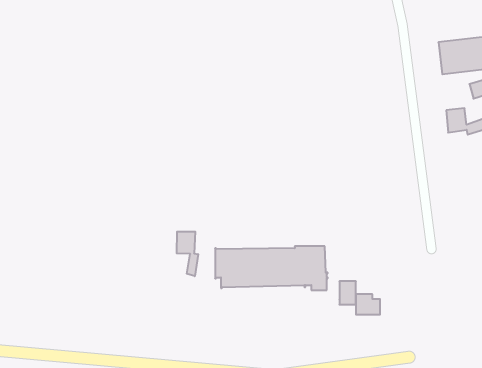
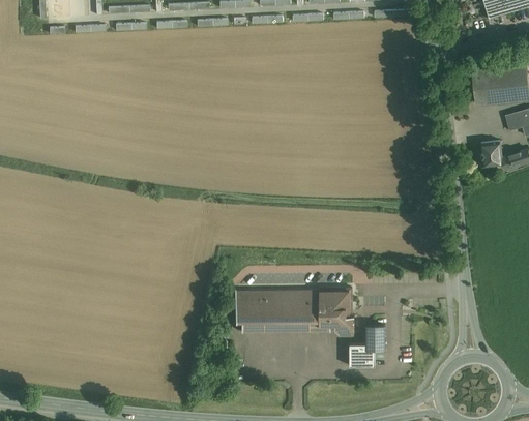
building: [177,232,198,276] -> none
building: [356,294,380,315] -> [350,344,376,366]

